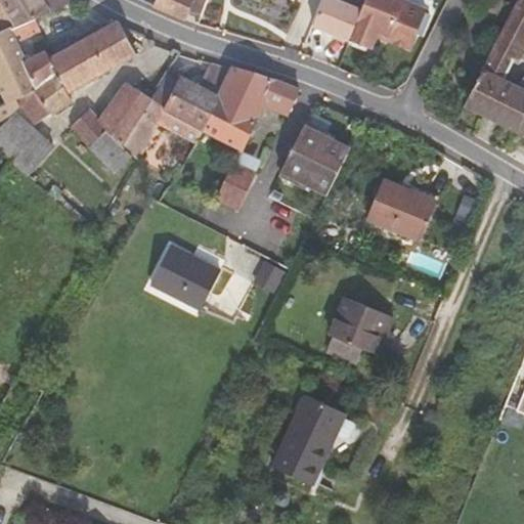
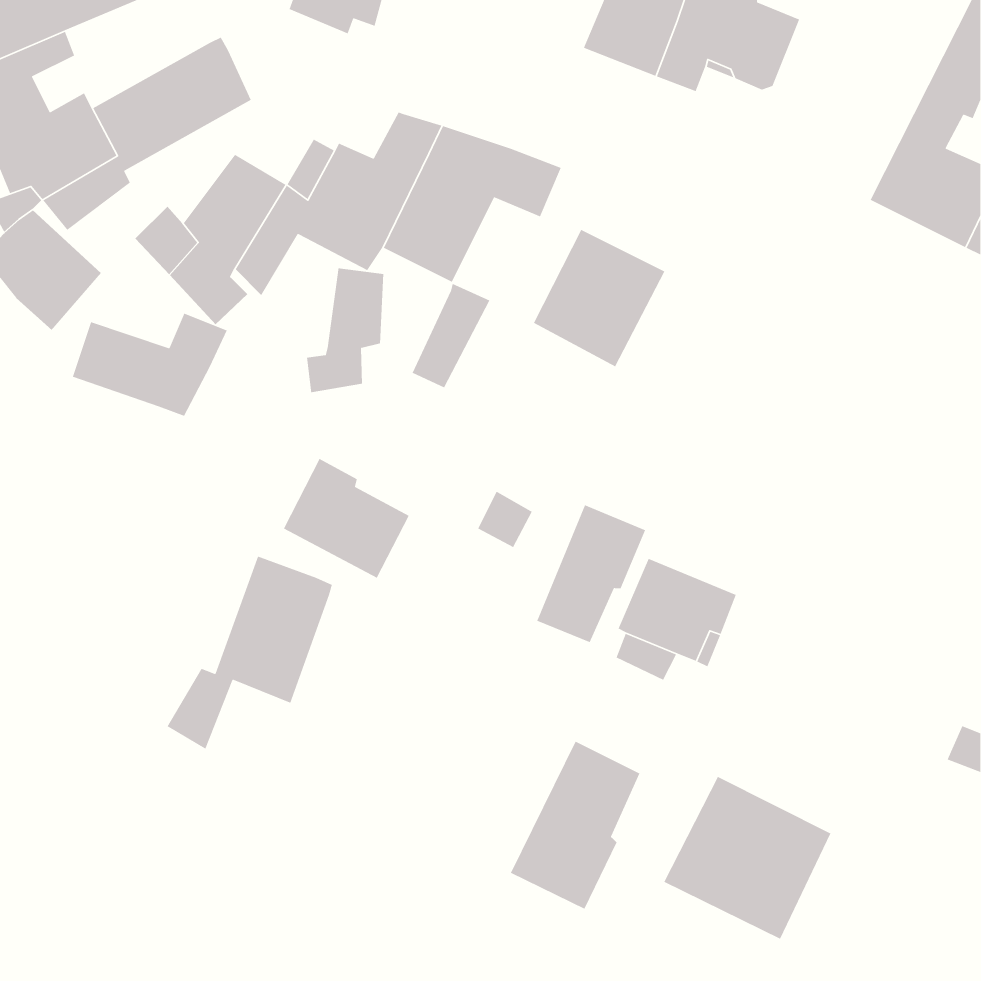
building: none -> [306,267,384,393]
building: none -> [72,312,228,417]
building: [367,179,440,241] -> none
building: none -> [536,504,646,643]
building: none -> [167,556,333,750]
building: none -> [663,776,832,940]

